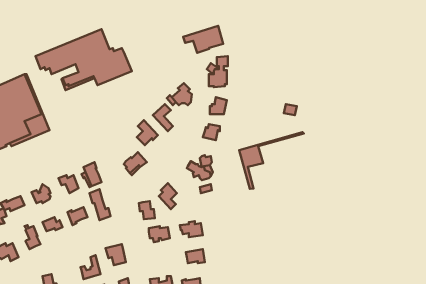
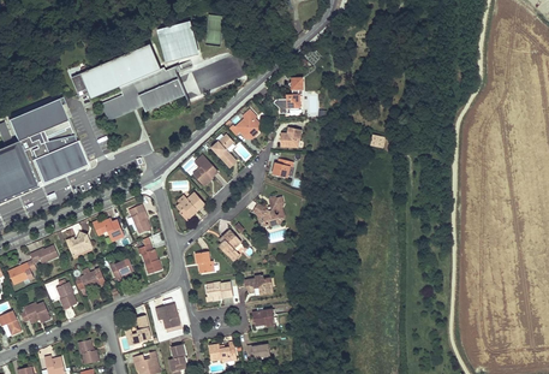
building: none -> [156,19,198,61]
building: [183,26,223,53] -> [195,55,243,88]
building: [239,132,304,189] -> none

